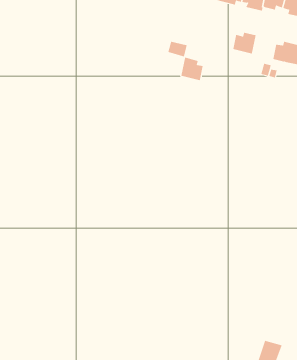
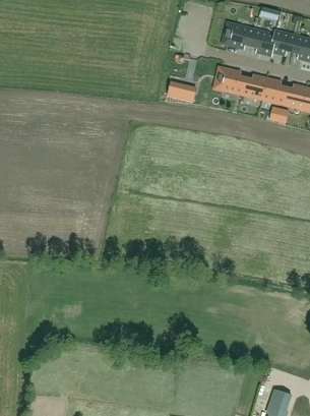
building: none -> [262,78,286,103]
building: [181,57,204,81] -> [222,68,245,93]

